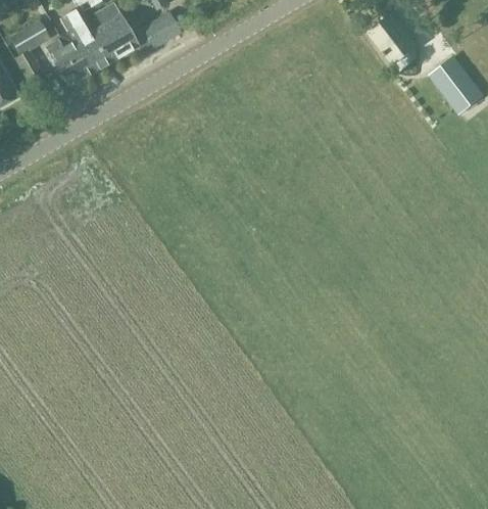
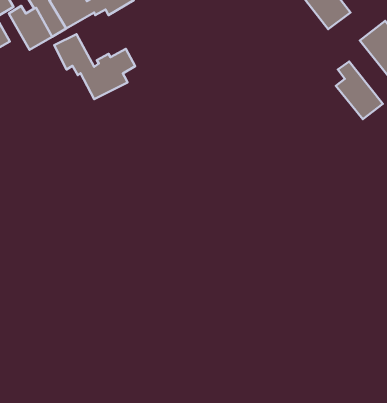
building: none -> [54,34,135,99]
building: none -> [336,61,383,119]

